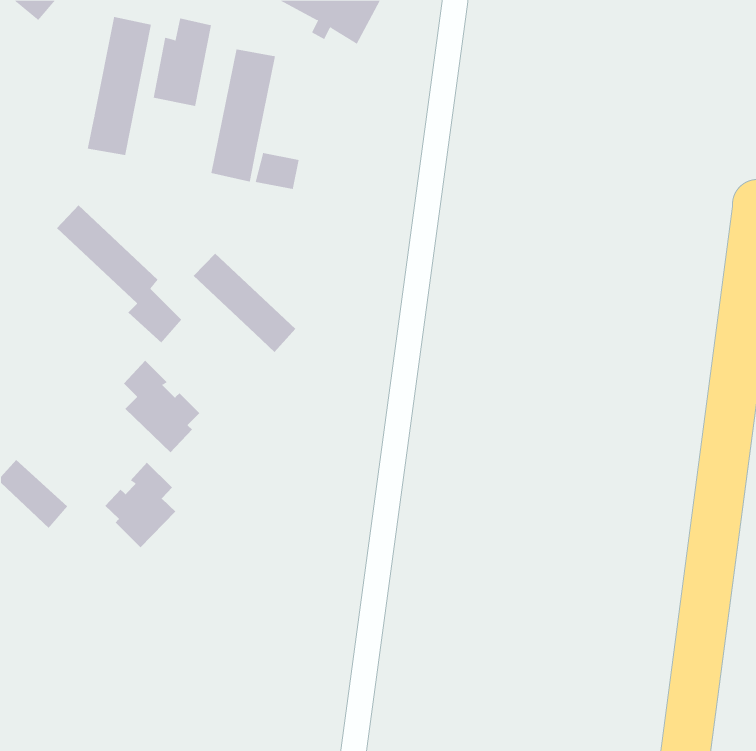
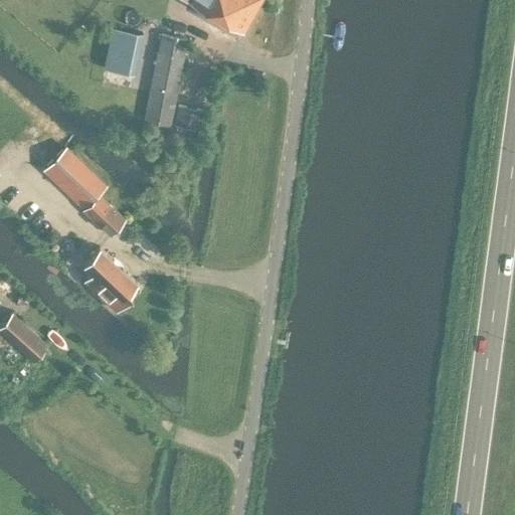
building: [87,16,152,156] -> none
building: [193,253,296,353] -> none
building: [105,462,176,548] -> none

